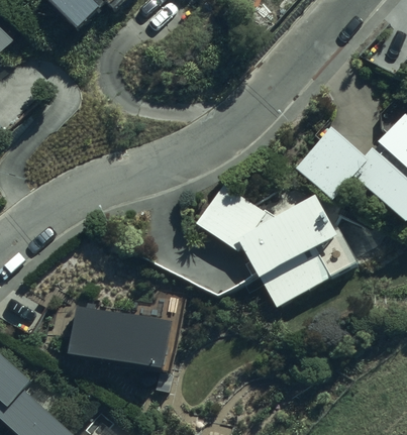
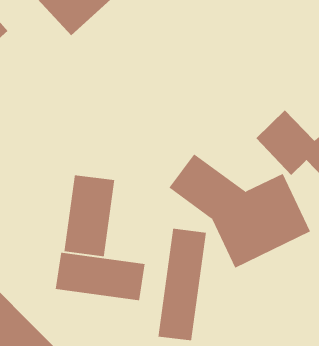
building: none -> [64,174,115,257]
building: none -> [158,228,207,341]

